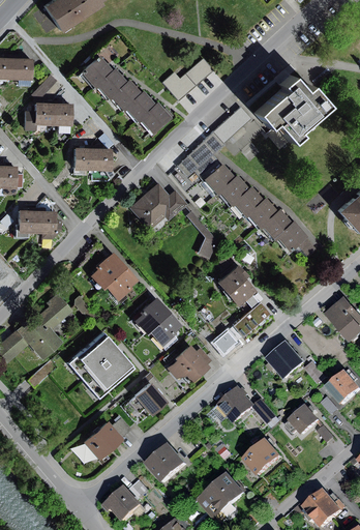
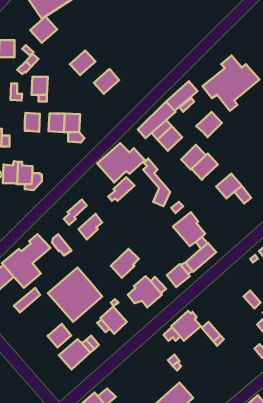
building: [79,56,112,88] -> [30,17,57,43]
building: [162,57,213,100] -> none
building: [110,81,141,111] -> none
building: [31,100,50,123] -> [25,113,40,132]
building: [138,104,173,136] -> none
building: [215,173,246,204] -> [196,112,222,137]
building: [259,207,290,237] -> none
building: [94,258,126,287] -> [108,177,135,201]
building: [131,296,167,333] -> none
building: [266,341,305,379] -> none
building: none -> [47,324,71,348]
building: [288,406,321,436] -> none
building: [243,439,281,475] -> none
building: [146,443,186,482] -> none

